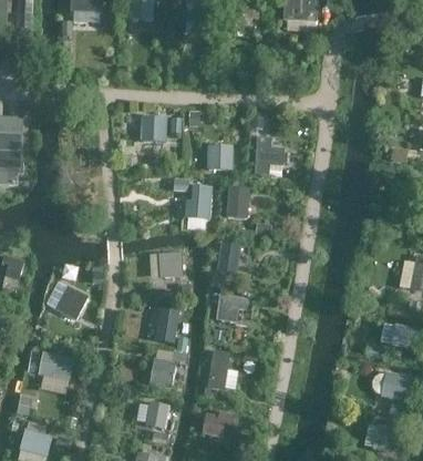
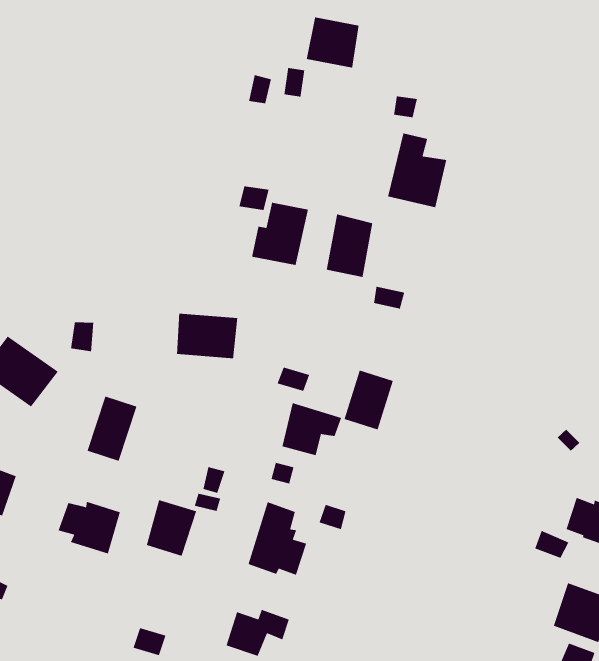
building: [141,115,167,142] -> none
building: [207,144,234,170] -> [306,16,359,69]
building: [217,242,241,274] -> [344,369,394,431]
building: [156,308,180,344] -> [87,395,138,462]
building: [136,401,169,429] -> [58,501,121,554]

